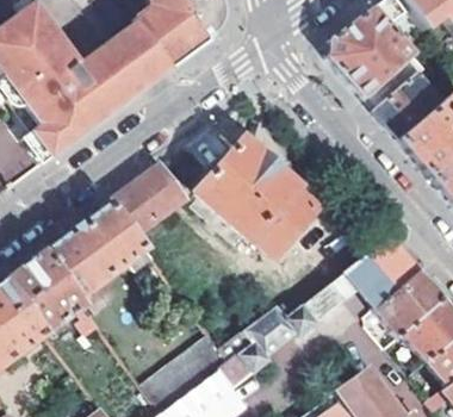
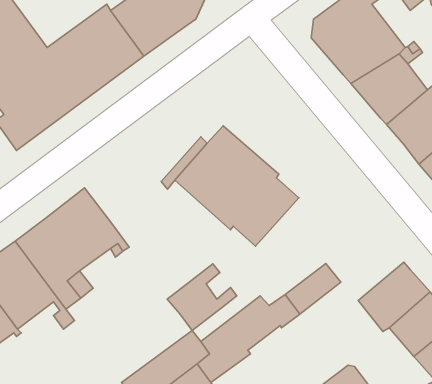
building: [111,162,182,235] -> none
building: [343,237,418,307] -> none
building: none -> [167,264,237,330]

